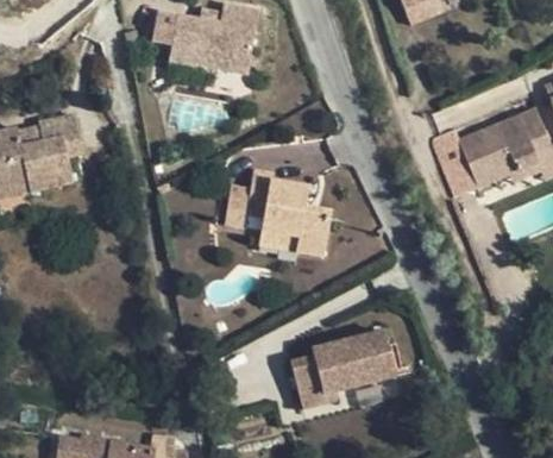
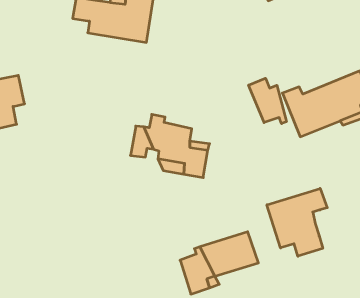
building: none -> [249,78,286,124]
building: none -> [267,188,327,256]

